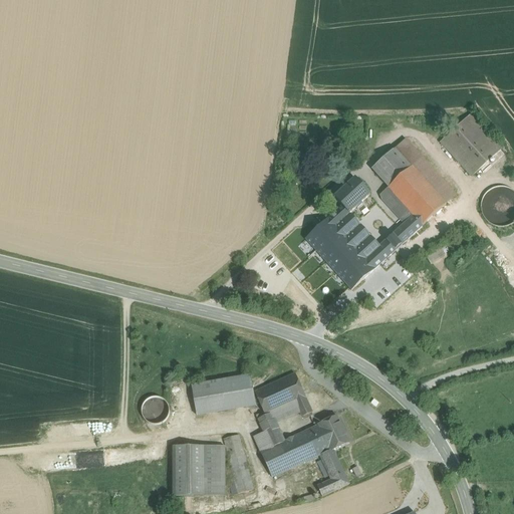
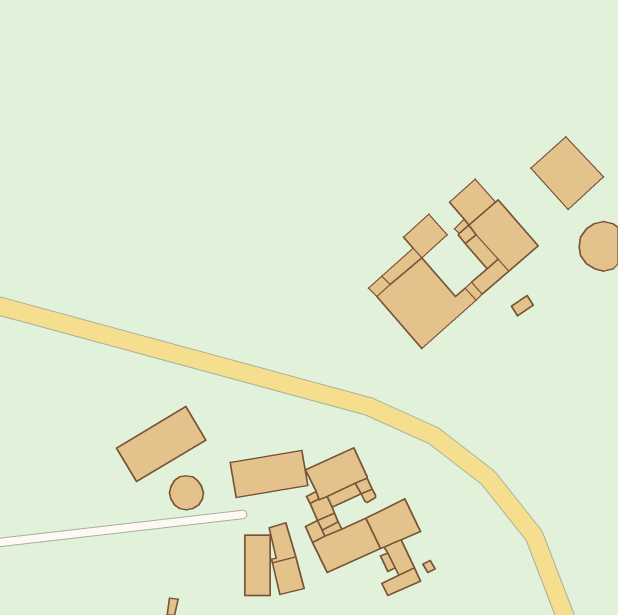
building: [394,138,456,204] -> none
building: none -> [116,407,206,482]
building: [173,444,203,495] -> none

